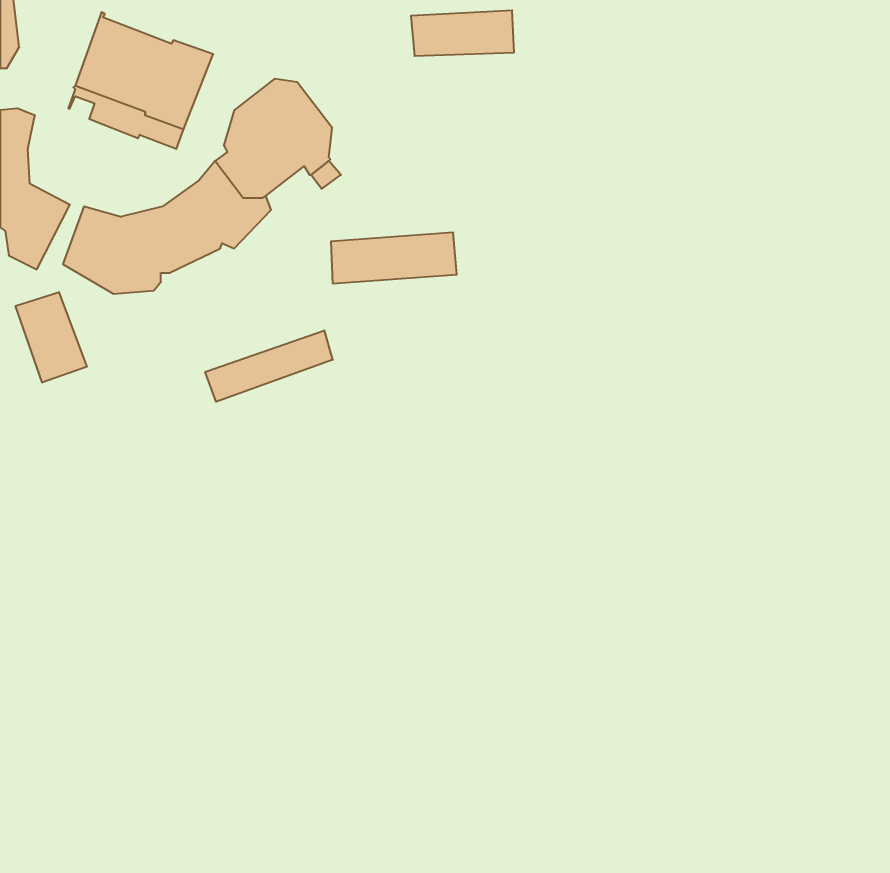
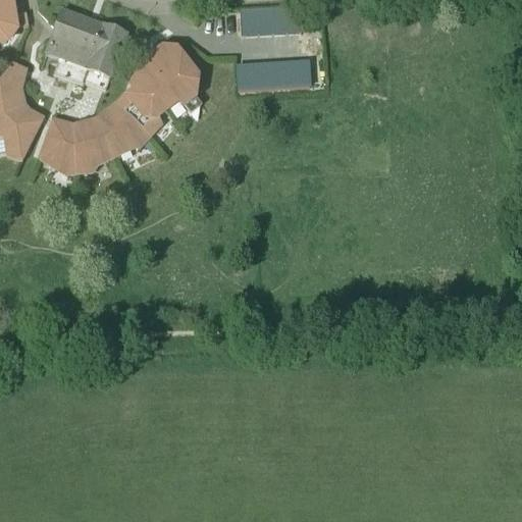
building: [331,233,457,283] -> [237,59,310,89]
building: [16,292,87,383] -> none
building: [205,330,333,402] -> none

